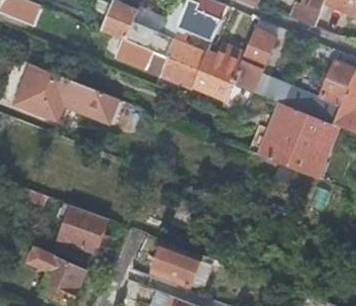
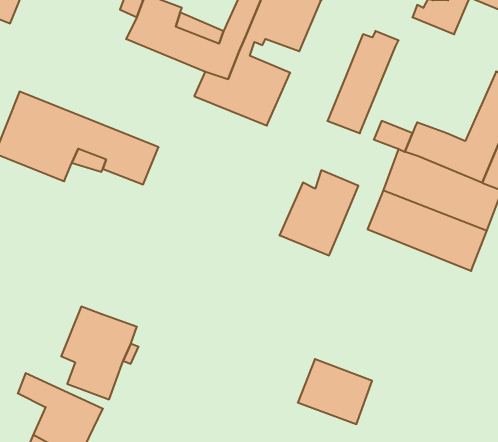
building: [193,44,244,100] -> [279,170,358,255]
building: [153,240,202,283] -> [298,359,372,424]

